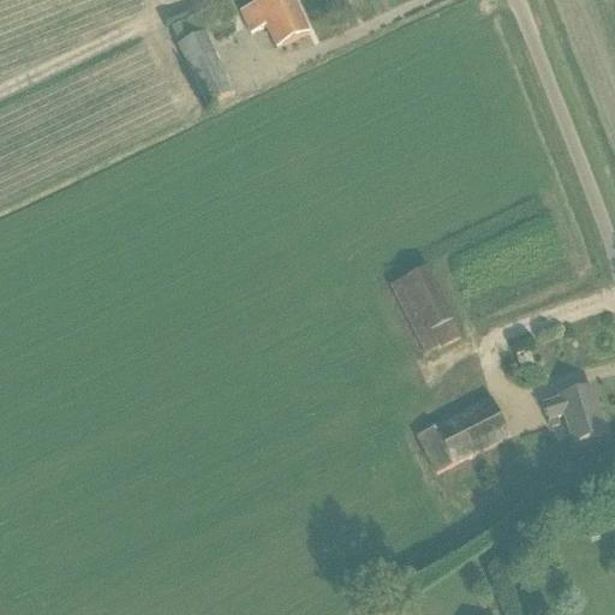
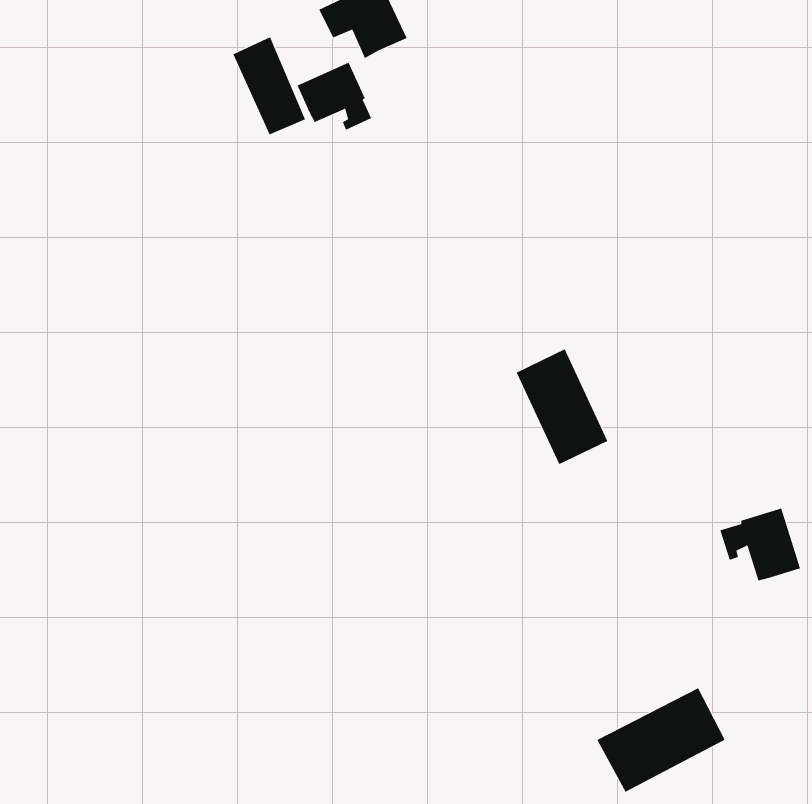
building: none -> [297,62,372,130]
building: [413,393,510,472] -> [597,687,726,793]

